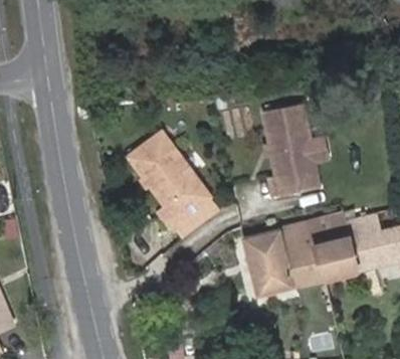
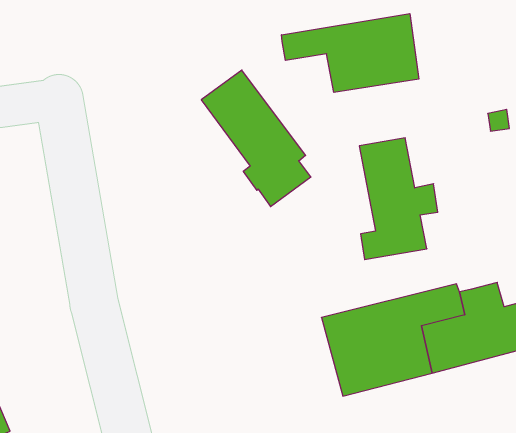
building: none -> [282,14,419,92]
building: [132,136,213,237] -> [201,70,311,207]

